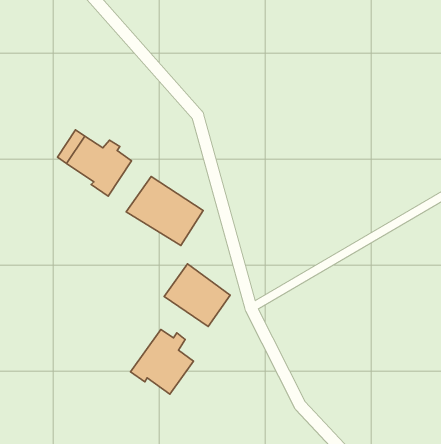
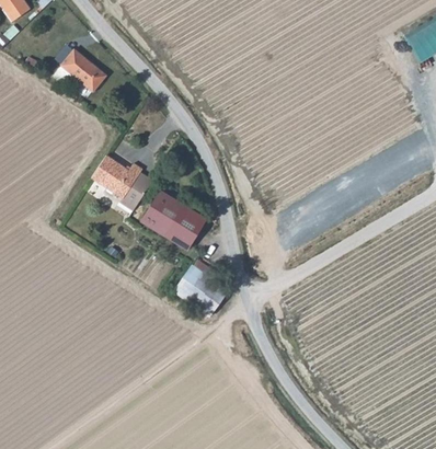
building: none -> [60,49,107,93]
building: [130,330,193,394] -> none

